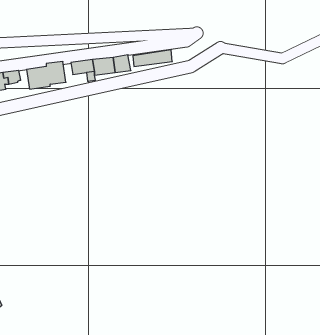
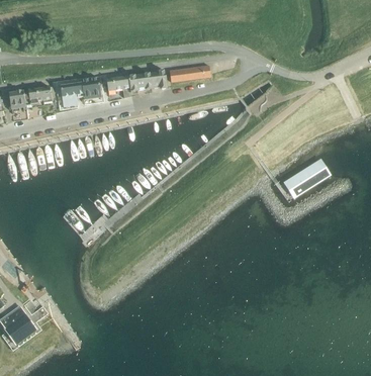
building: none -> [284,160,329,197]

